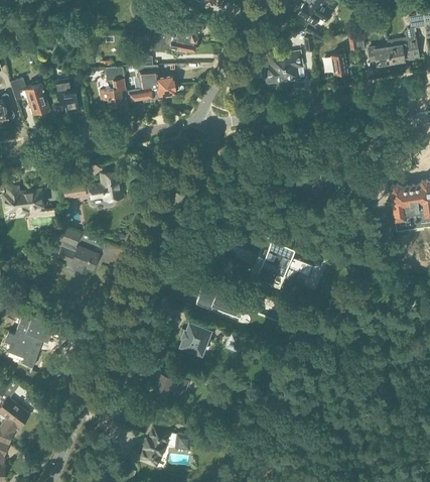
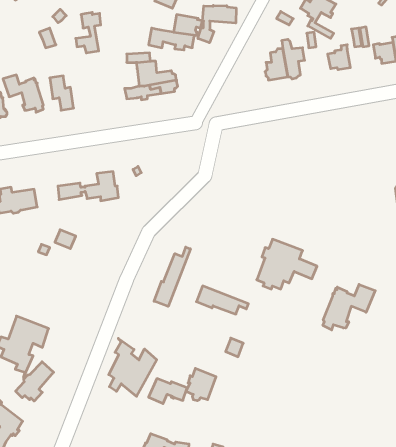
building: none -> [198,5,236,43]
building: [100,67,124,106] -> [76,12,101,53]
building: none -> [154,247,190,306]
building: [57,247,99,275] -> none
building: none -> [323,284,375,330]
building: [180,324,209,355] -> [186,368,216,401]
building: none -> [109,338,157,396]
building: none -> [16,362,54,401]

